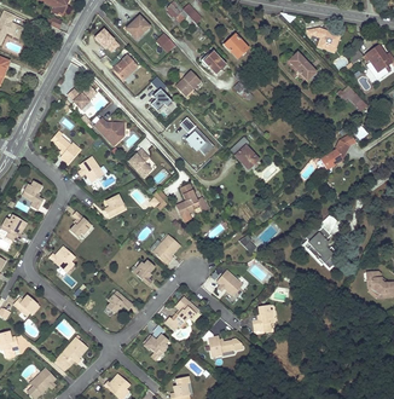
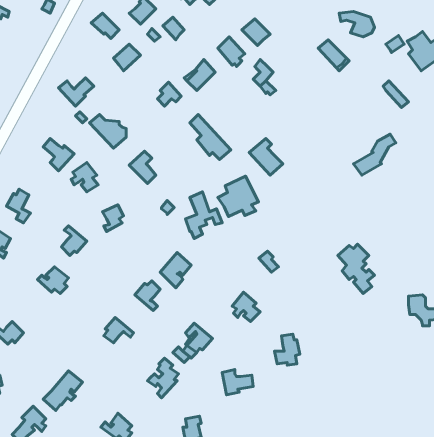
building: none -> [218,176,258,216]

